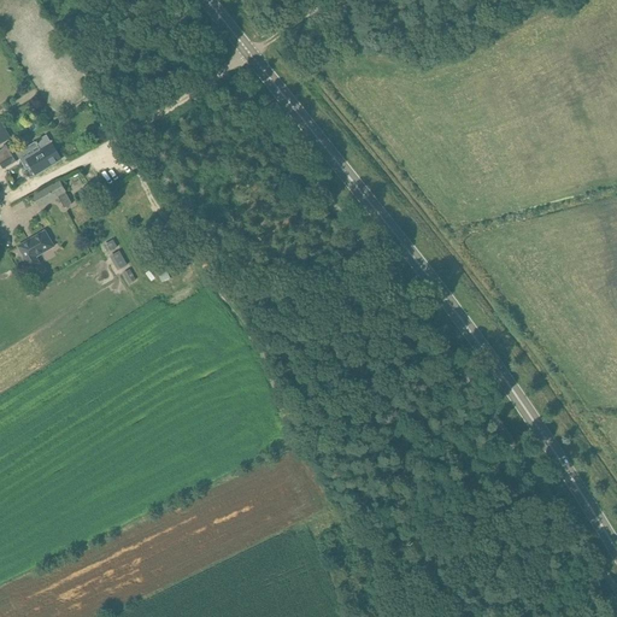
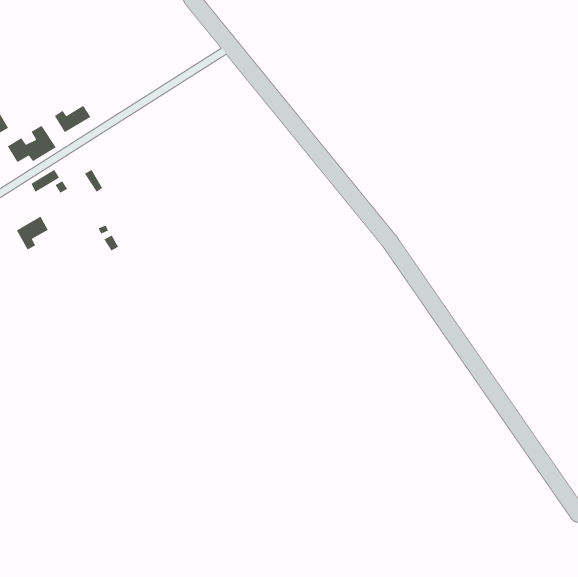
building: none -> [54,105,91,133]

